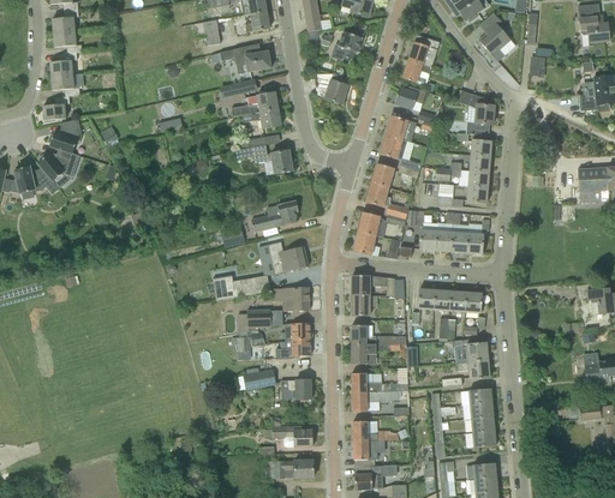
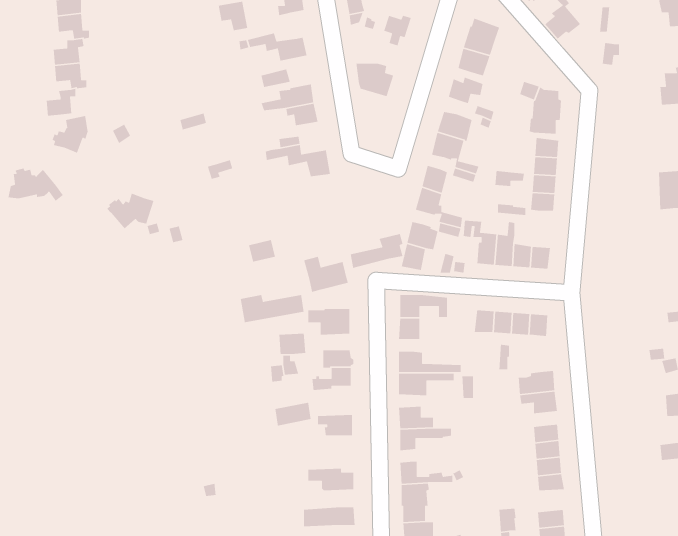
building: [37,148,79,180] -> [106,192,155,230]
building: [251,200,298,232] -> [350,233,403,269]

